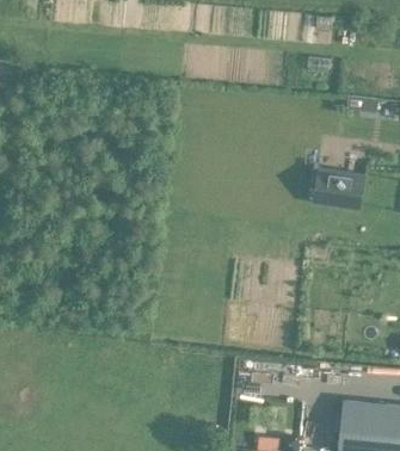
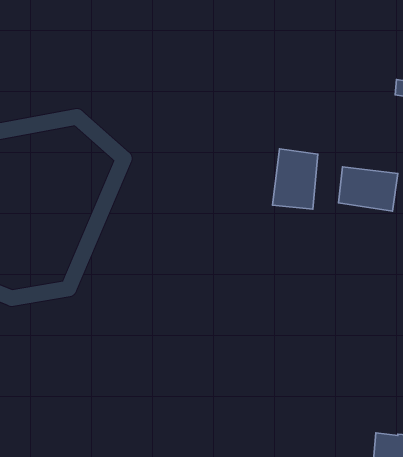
building: none -> [272,149,318,209]

